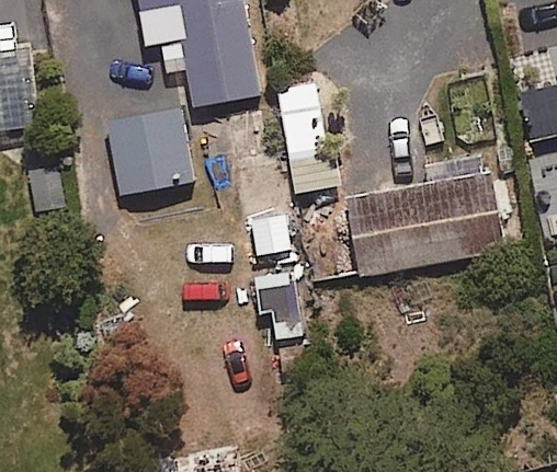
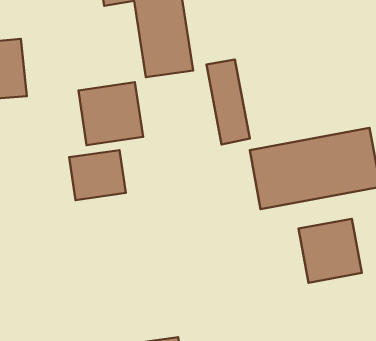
building: none -> [69,150,126,200]
building: none -> [299,219,362,283]

